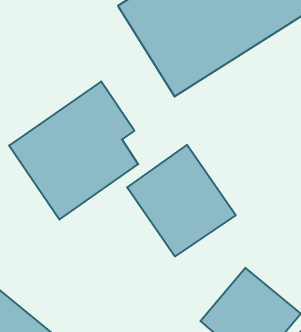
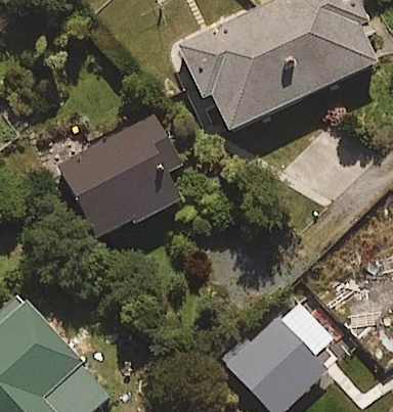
building: [127,145,236,256] -> none

